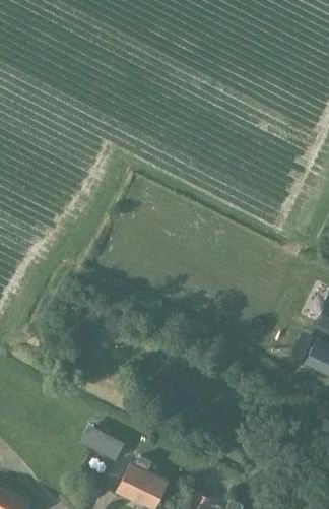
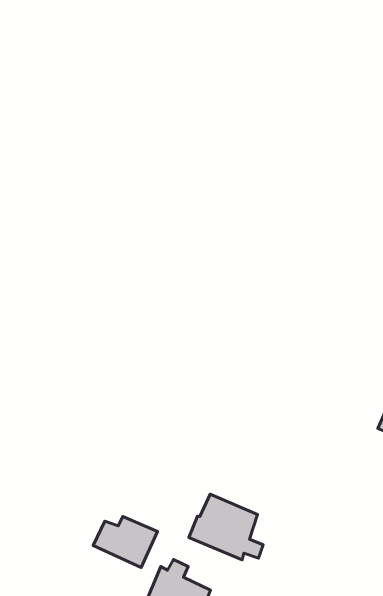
building: none -> [189,494,263,560]

